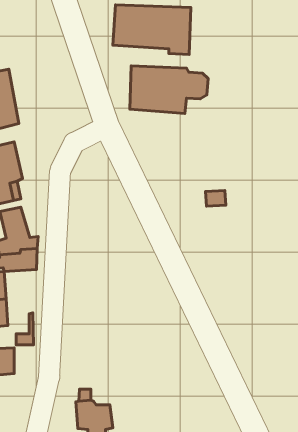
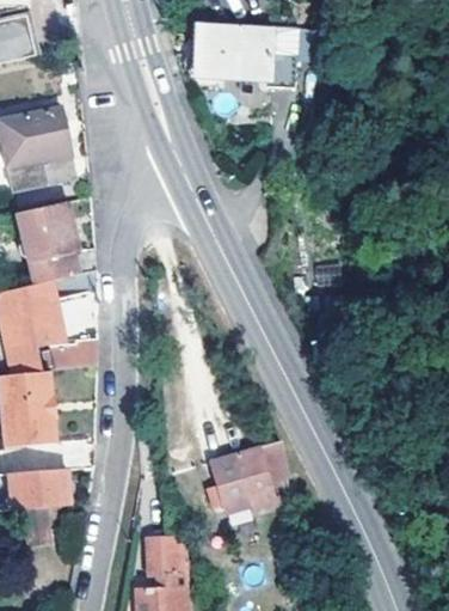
building: [130,66,208,113] -> none
building: none -> [209,435,289,509]

